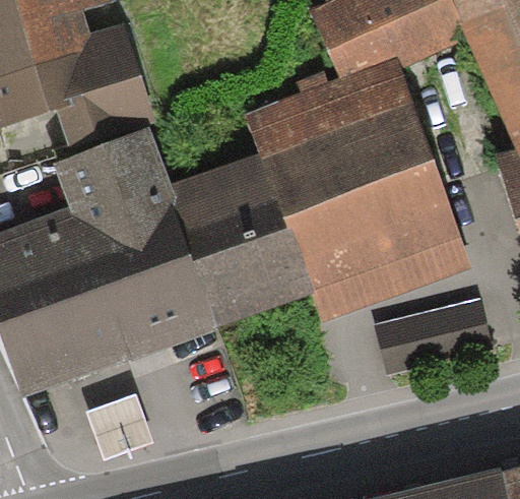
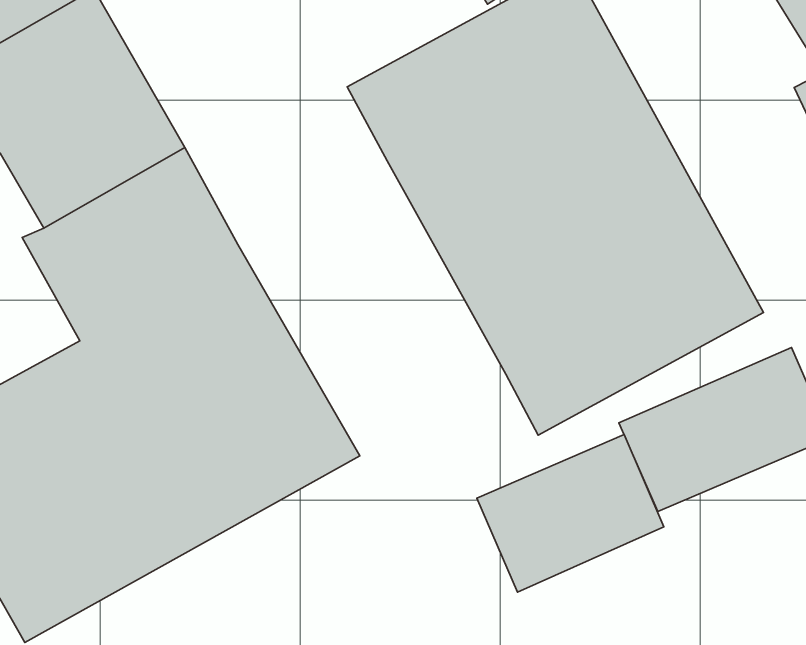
building: [175,152,313,316] -> none
building: none -> [477,435,664,592]

